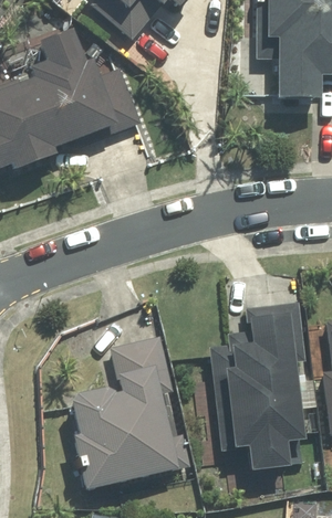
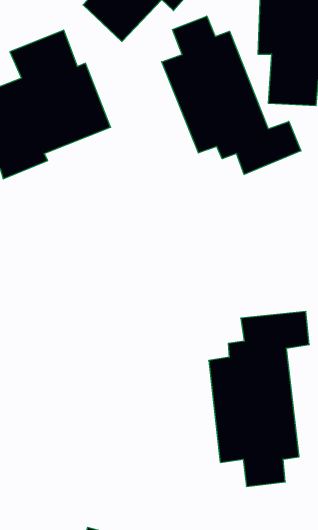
building: none -> [162,16,301,174]
building: [68,337,175,490] -> none

